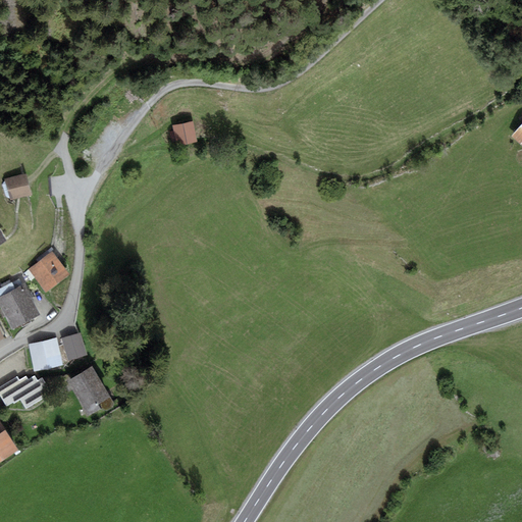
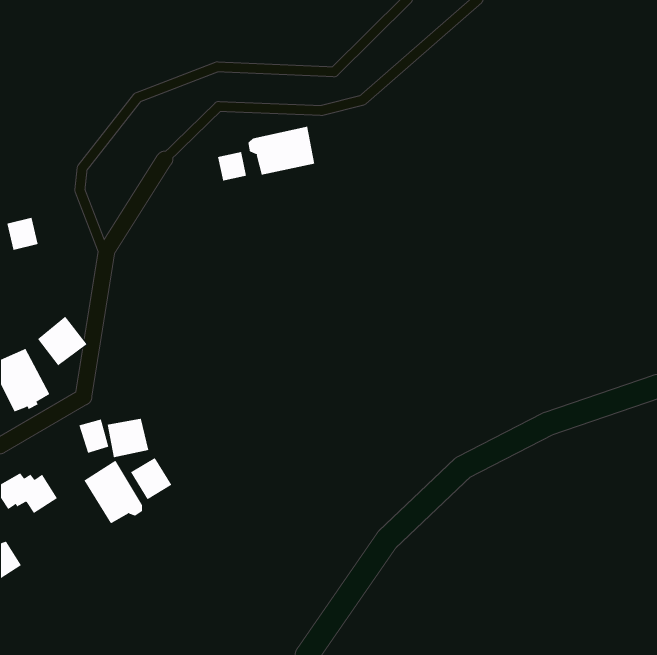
building: none -> [248,126,315,175]
building: [29,338,62,370] -> [107,418,149,458]
building: none -> [130,457,172,500]

